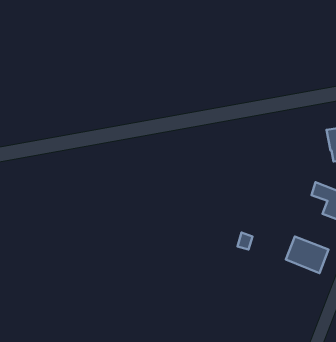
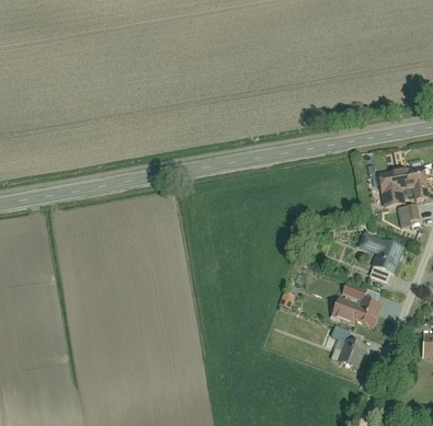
building: none -> [334,326,367,369]

